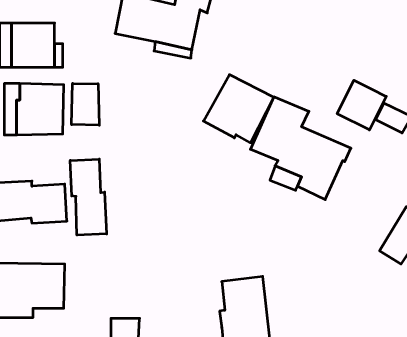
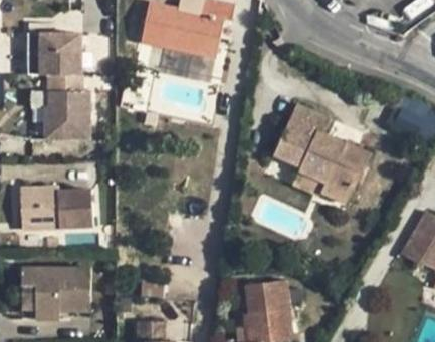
building: [203,75,274,143] -> none
building: [337,80,386,130] -> none
building: [72,83,99,125] -> none
building: [70,159,107,235] -> none

